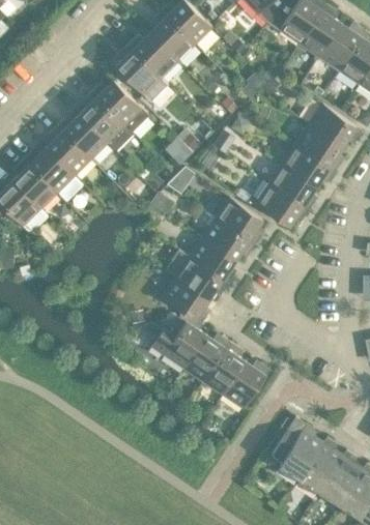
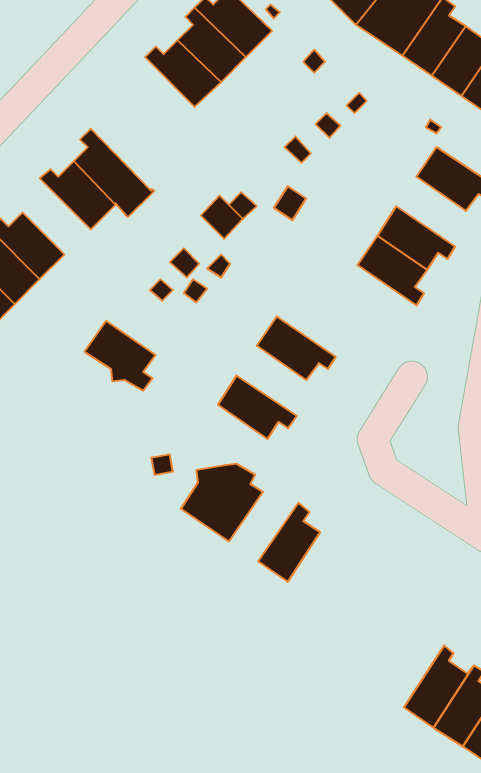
building: [114,45,160,95] -> none
building: [90,80,148,134] -> none
building: [294,124,341,171] -> none
building: [45,125,90,176] -> none
building: [255,183,308,227] -> none
building: [215,198,261,244] -> none
building: [188,237,234,284] -> none
building: [161,276,208,323] -> [84,321,156,391]
building: [182,334,229,381] -> none
building: [222,361,268,408] -> none
building: [271,417,326,478] -> none

